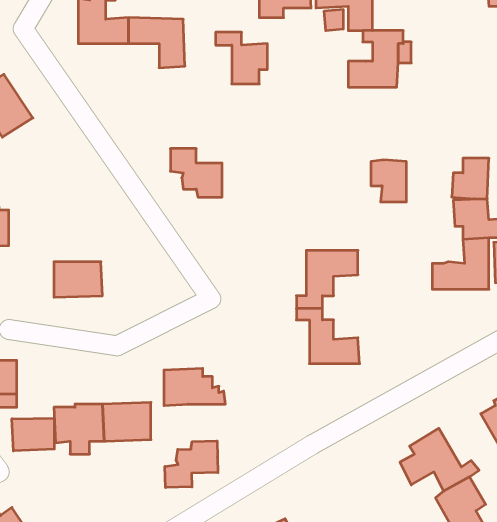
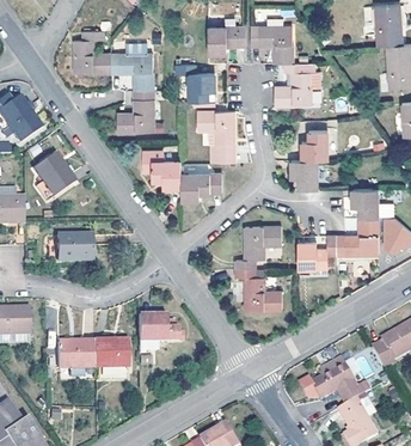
building: none -> [116,90,153,133]
building: none -> [197,110,234,163]
building: none -> [32,153,74,201]
building: [452,158,489,199] -> [300,130,327,160]
building: none -> [180,173,222,200]
building: none -> [296,236,336,268]
building: [12,418,54,451] -> none
building: [165,441,218,488] -> none

